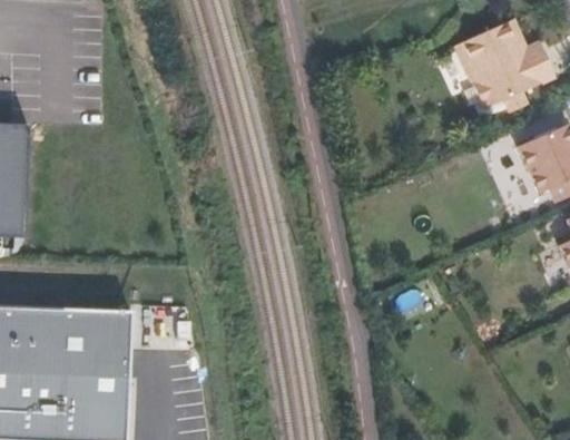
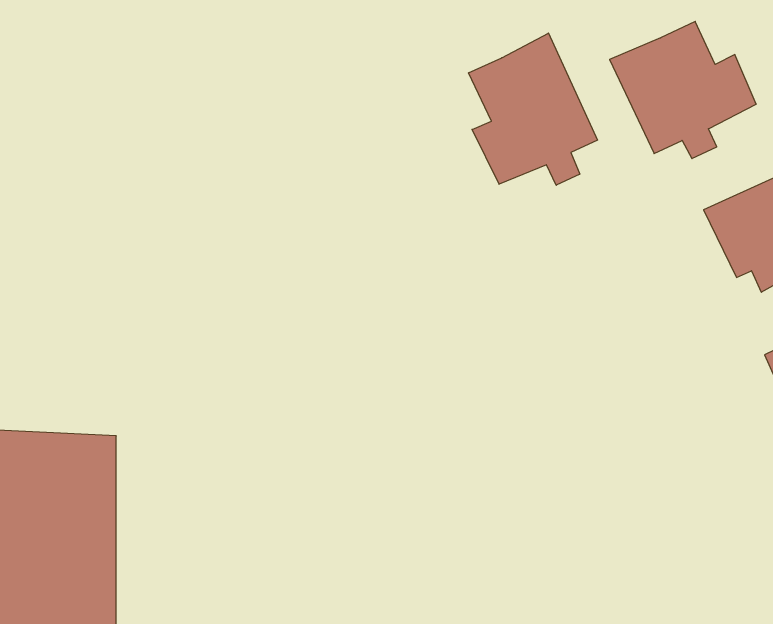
building: none -> [469,33,598,185]

